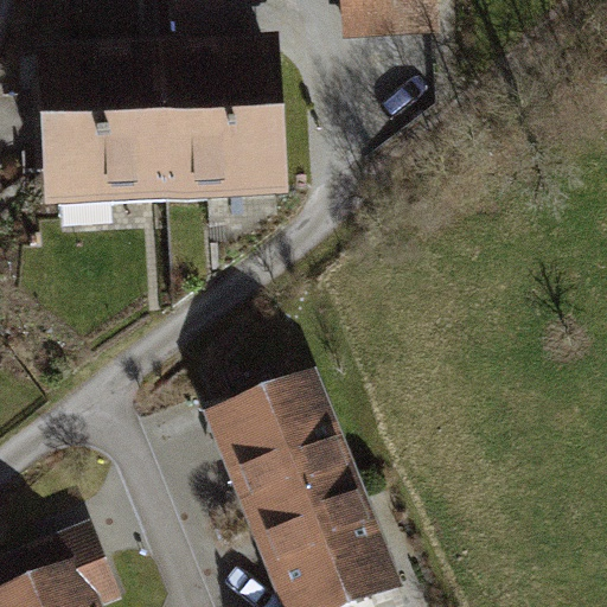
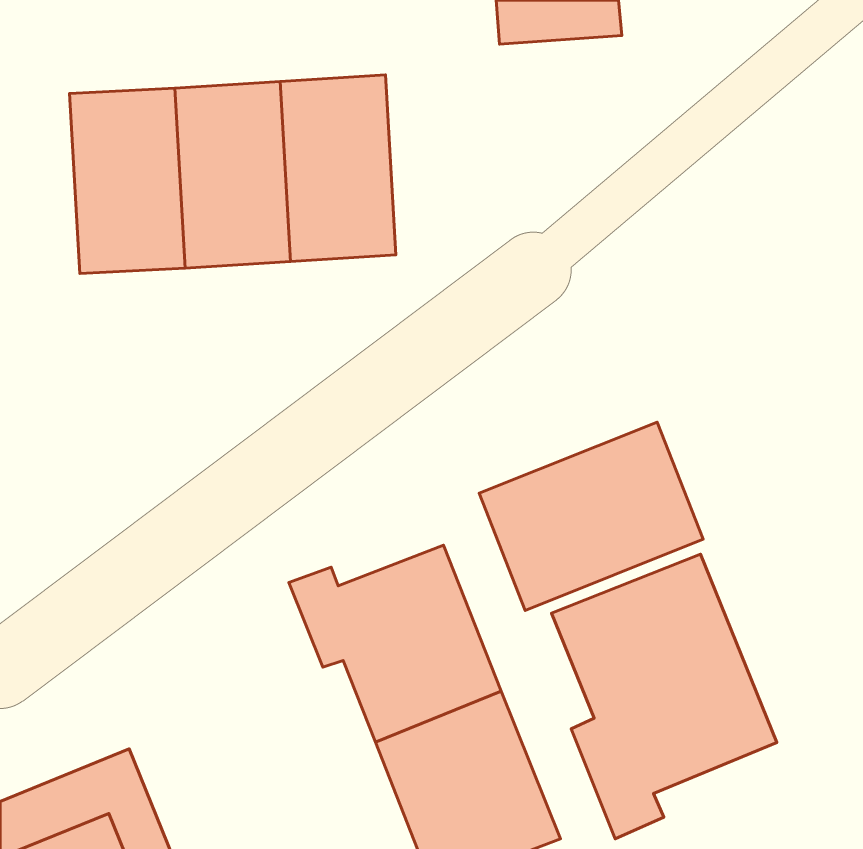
building: none -> [479,422,703,610]
building: none -> [552,554,777,839]

